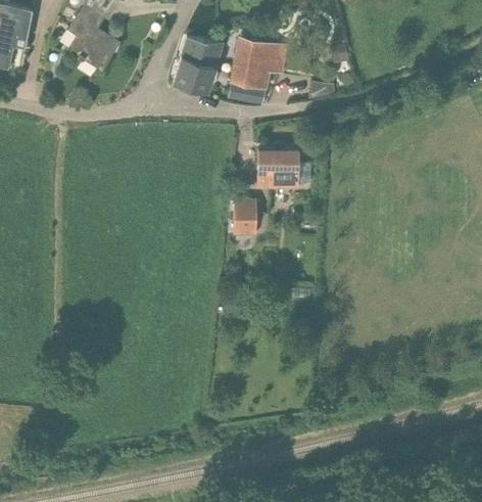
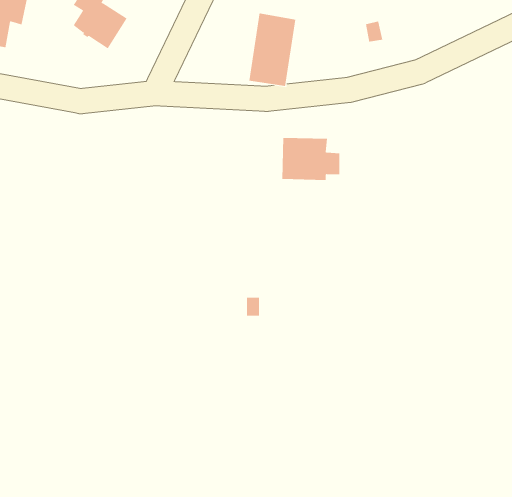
building: [174,35,222,89] -> none
building: [235,198,258,233] -> none

